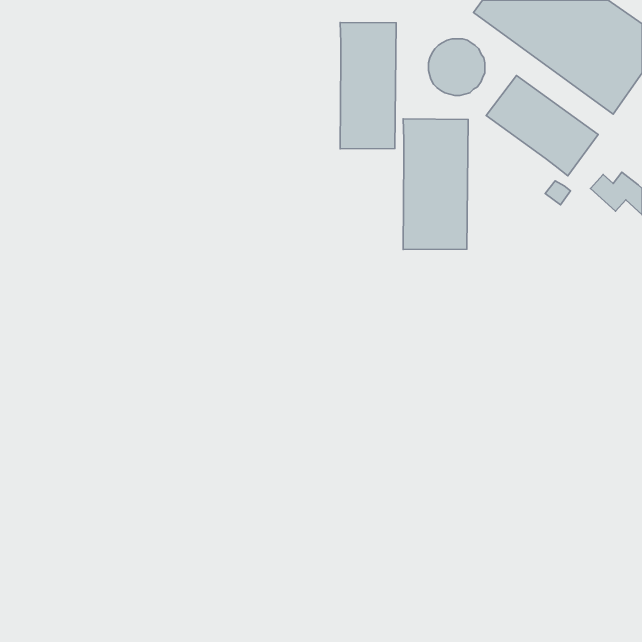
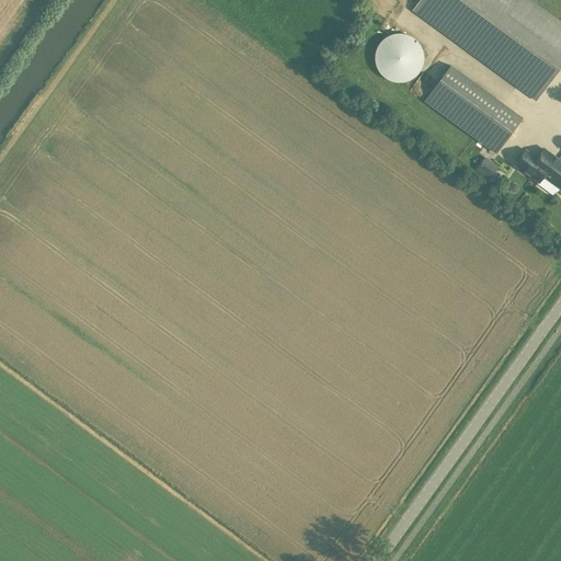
building: [340,23,396,149] -> none
building: [403,119,468,250] -> none

